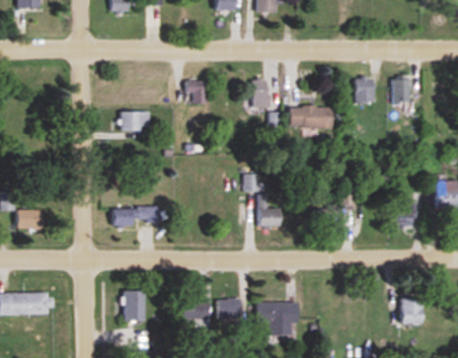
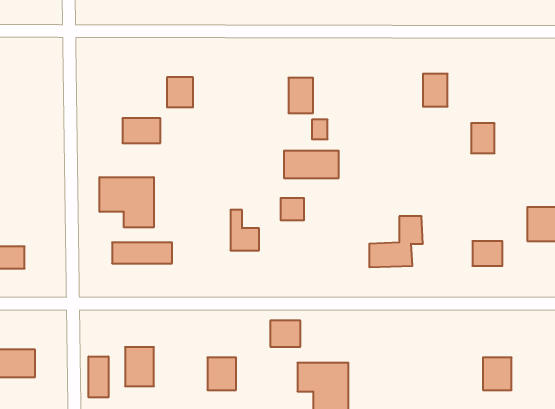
building: [391,79,409,102] -> [471,123,495,153]
building: [186,81,207,104] -> [167,77,193,107]
building: [289,106,331,128] -> [284,151,339,178]
building: none -> [100,177,154,227]
building: [257,195,280,226] -> [230,210,259,250]
building: none -> [89,356,108,397]
building: [217,298,240,318] -> [270,321,300,347]

